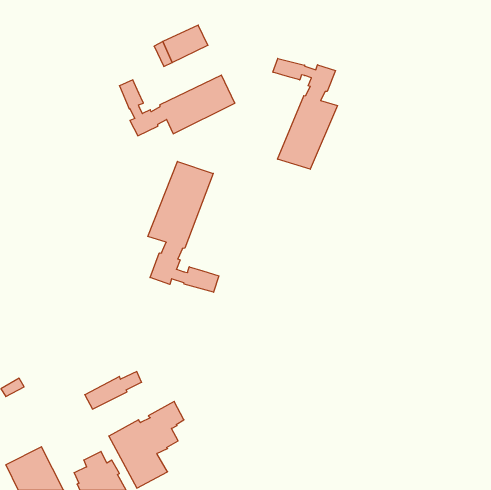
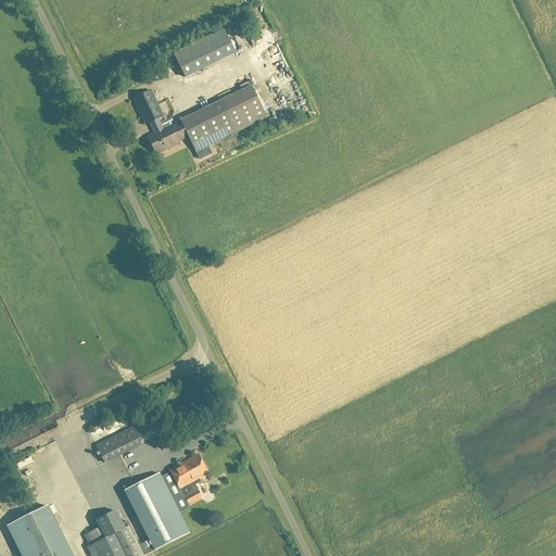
building: [273,58,337,169] -> none
building: [148,161,219,292] -> none

